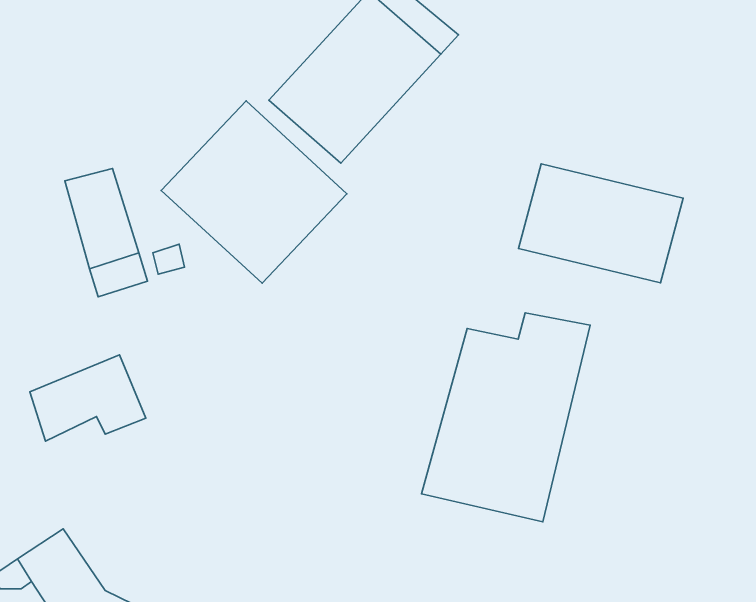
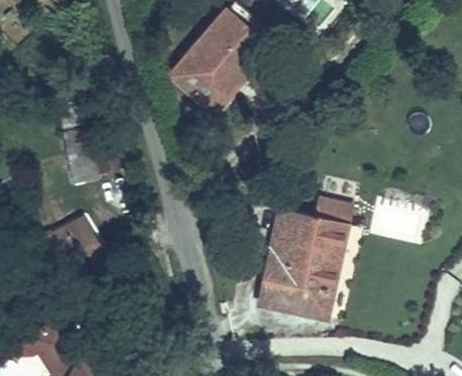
building: [161,101,347,283] -> none
building: [519,164,683,283] -> none

